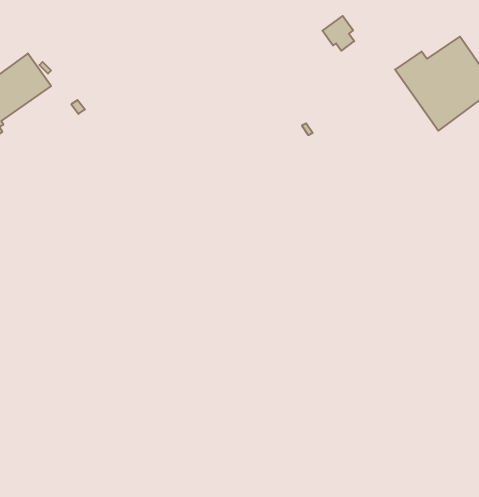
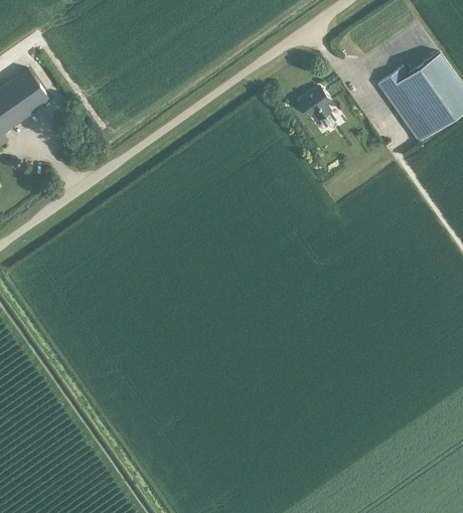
building: [322,16,354,51] -> [300,88,330,121]

